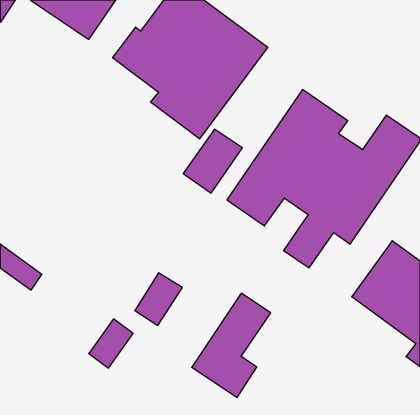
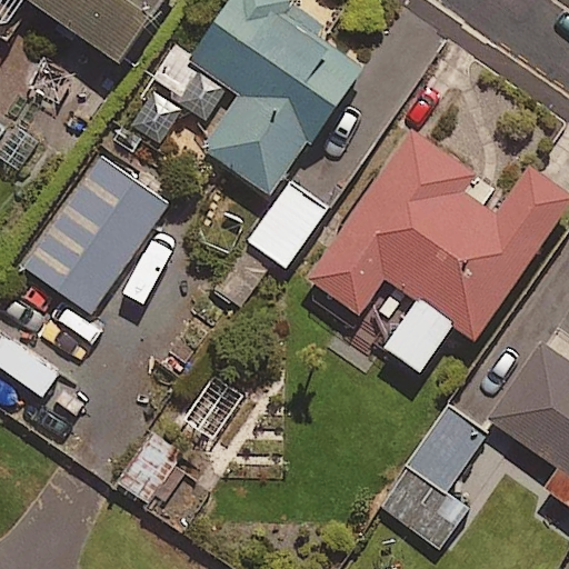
building: none -> [26,159,169,316]
building: [192,293,271,398] -> [379,410,486,551]

